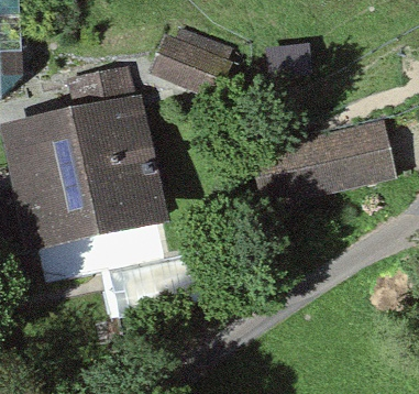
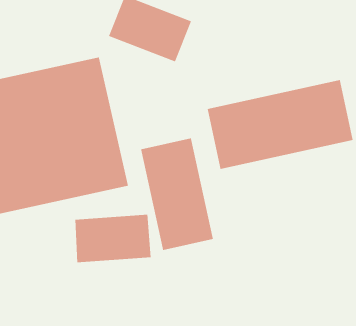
building: none -> [140,137,214,251]

